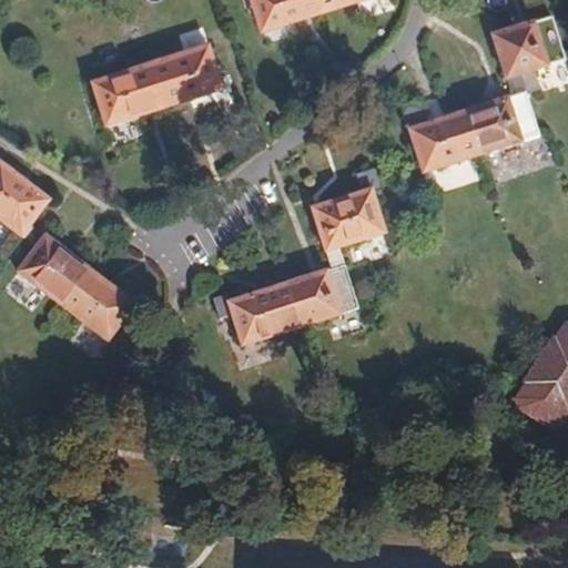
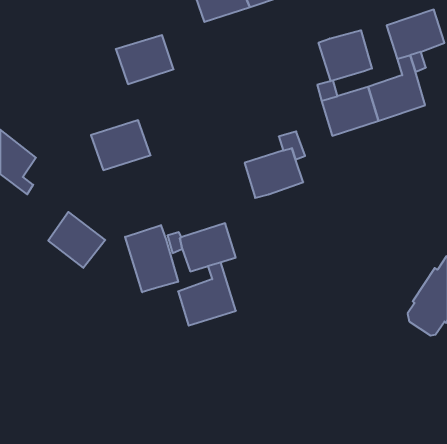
building: none -> [319,30,372,81]
building: [88,62,163,125] -> [91,120,151,170]
building: [17,234,88,305] -> none
building: [286,246,359,326] -> [178,263,236,326]
building: none -> [125,225,178,292]

